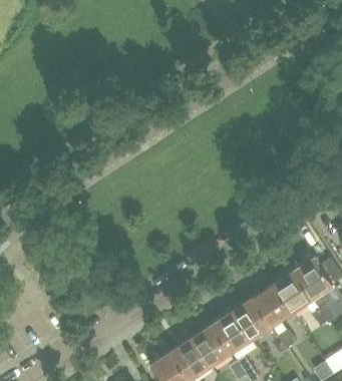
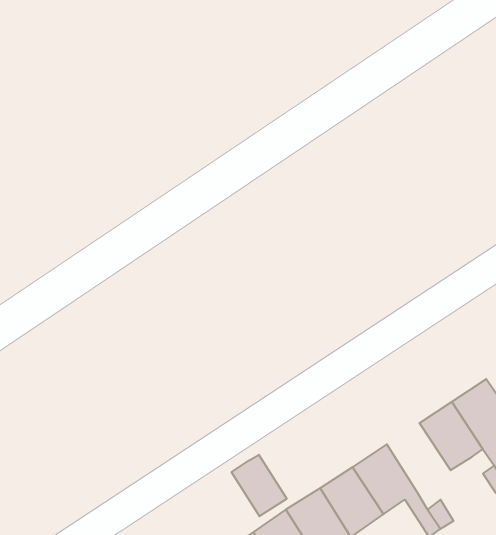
building: [254,283,293,326] -> none
building: none -> [232,455,287,516]

